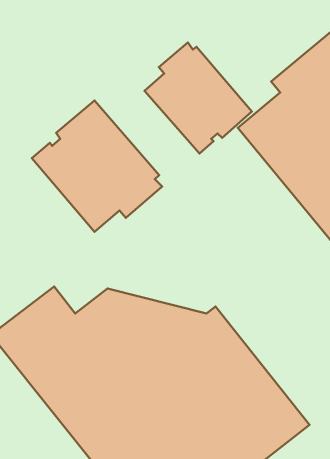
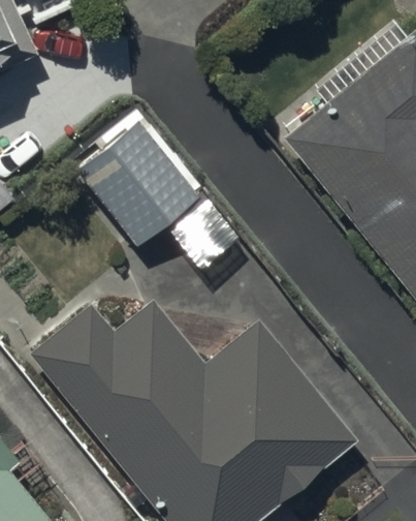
building: [145,42,252,154] -> none

